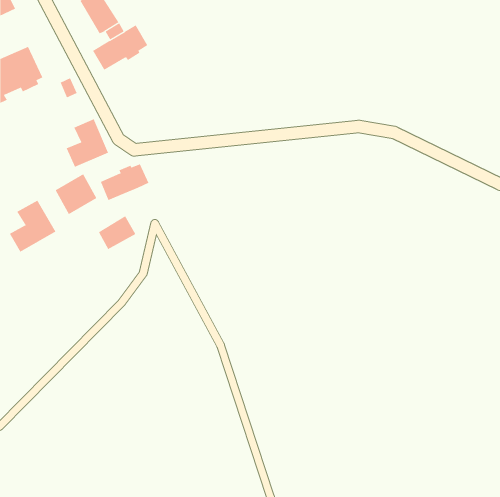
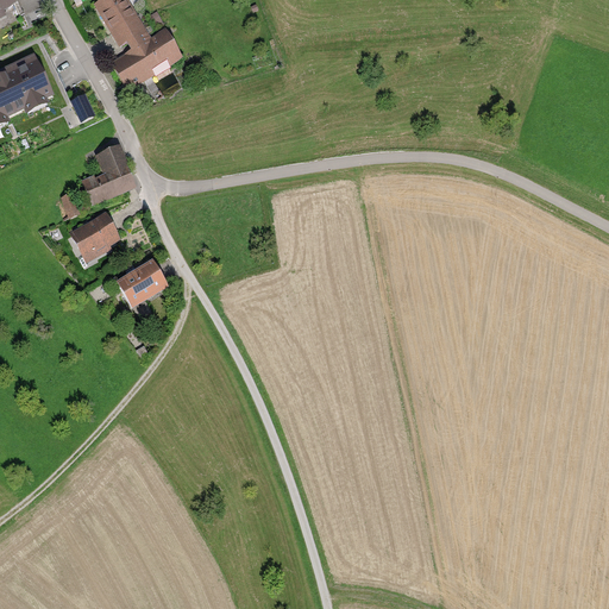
building: [100,164,149,201] -> none
building: [9,200,56,253] -> none

